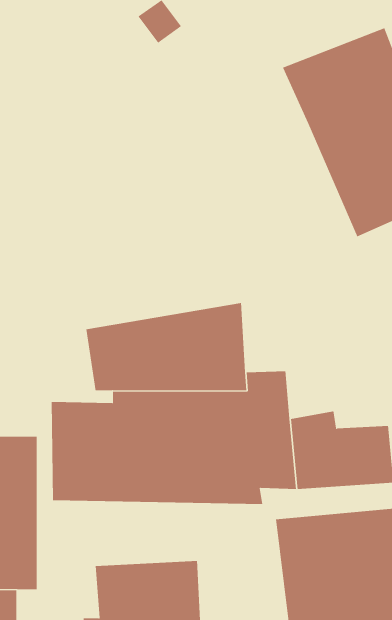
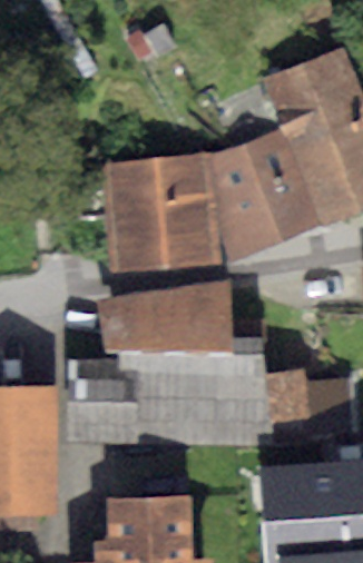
building: none -> [216,129,323,263]
building: none -> [100,152,220,271]

